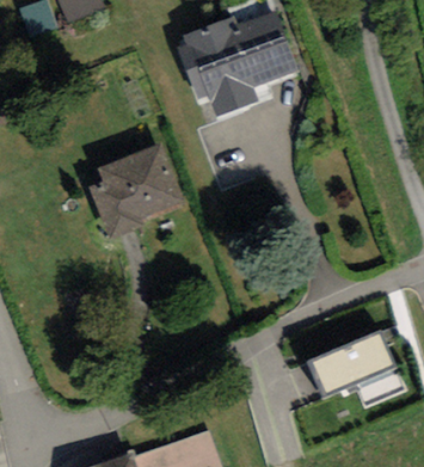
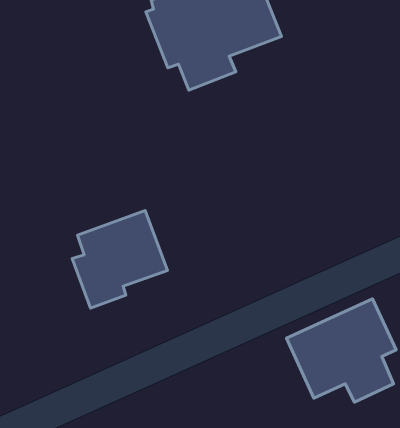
building: [92,146,179,235] -> [72,210,167,308]

